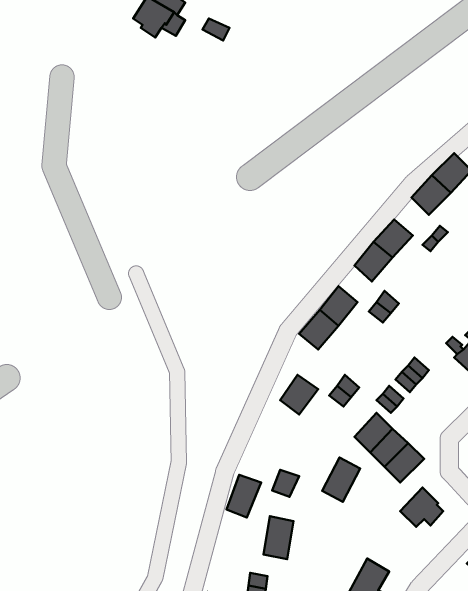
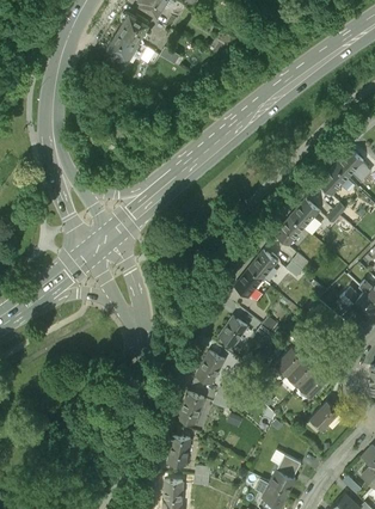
building: [322,457,360,502] -> [196,350,225,384]
building: [263,516,293,559] -> [167,435,190,467]

